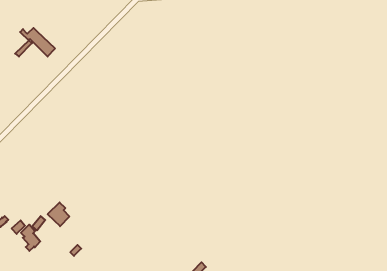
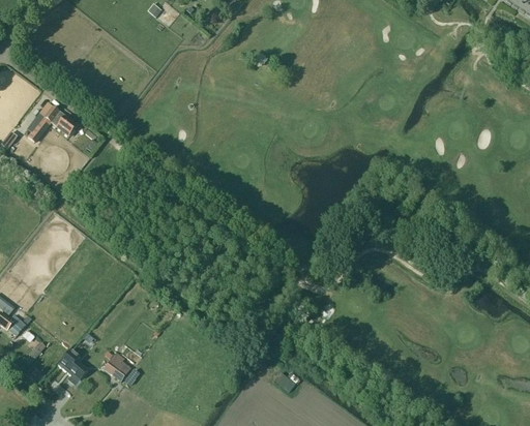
building: [48,202,69,226] -> [102,352,130,382]

